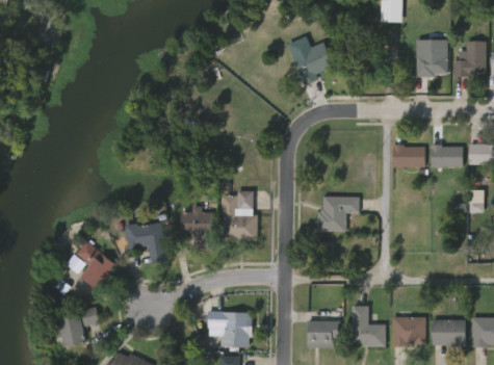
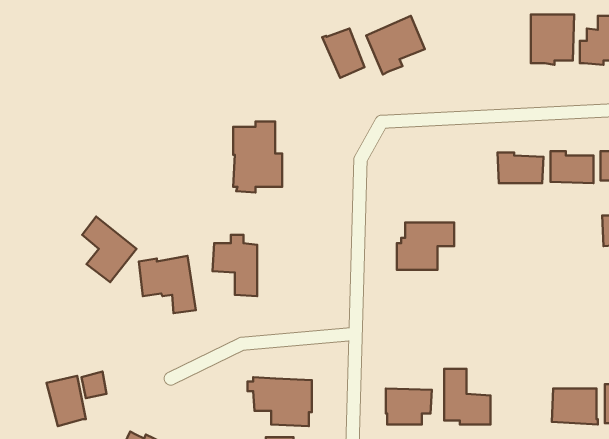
building: none -> [322,29,364,78]
building: [220,190,257,243] -> [233,121,282,193]
building: [76,240,116,289] -> [82,217,137,282]
building: [391,316,425,346] -> none

